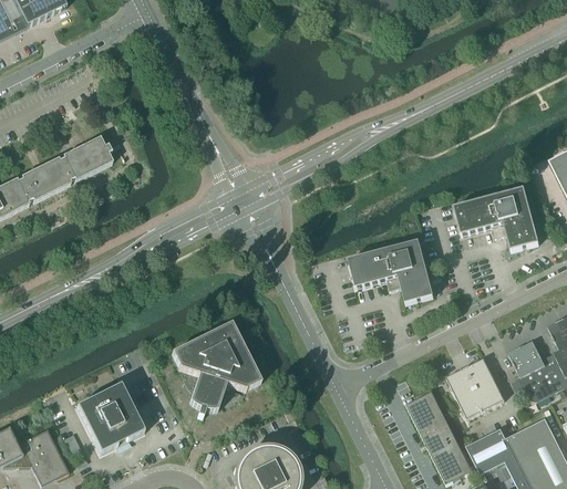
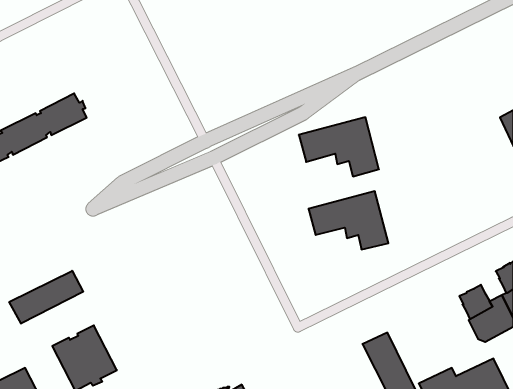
building: [453,186,538,249] -> [299,117,379,176]
building: [171,321,260,415] -> none
building: none -> [9,271,83,324]
building: [446,356,504,416] -> none

